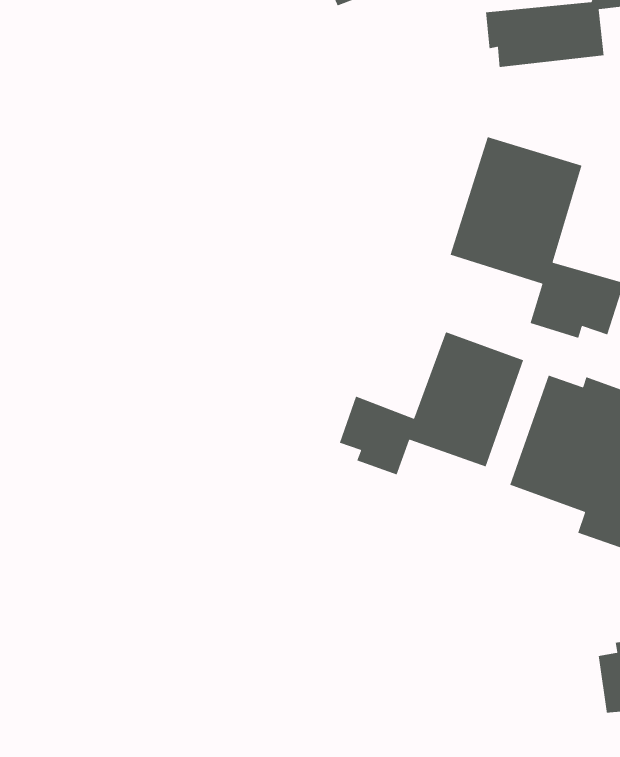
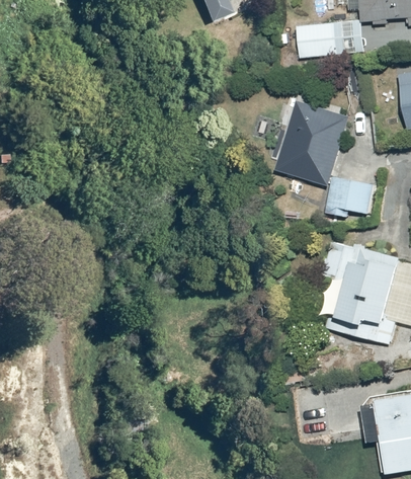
building: [339,331,524,476] -> none

